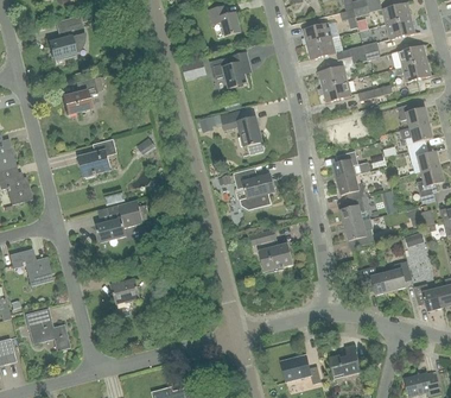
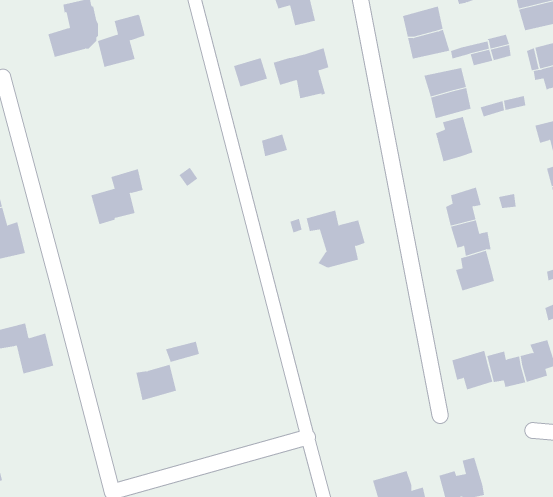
building: [63,76,97,114] -> [97,14,145,67]
building: none -> [436,116,473,162]
building: [220,110,263,153] -> none
building: [95,200,142,244] -> none
building: [344,219,374,247] -> [452,350,493,390]
building: [249,228,293,272] -> none
building: [25,308,70,349] -> none

